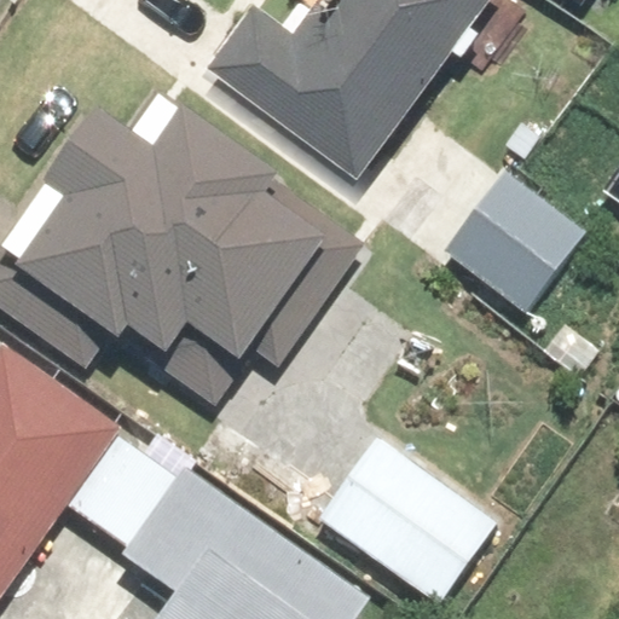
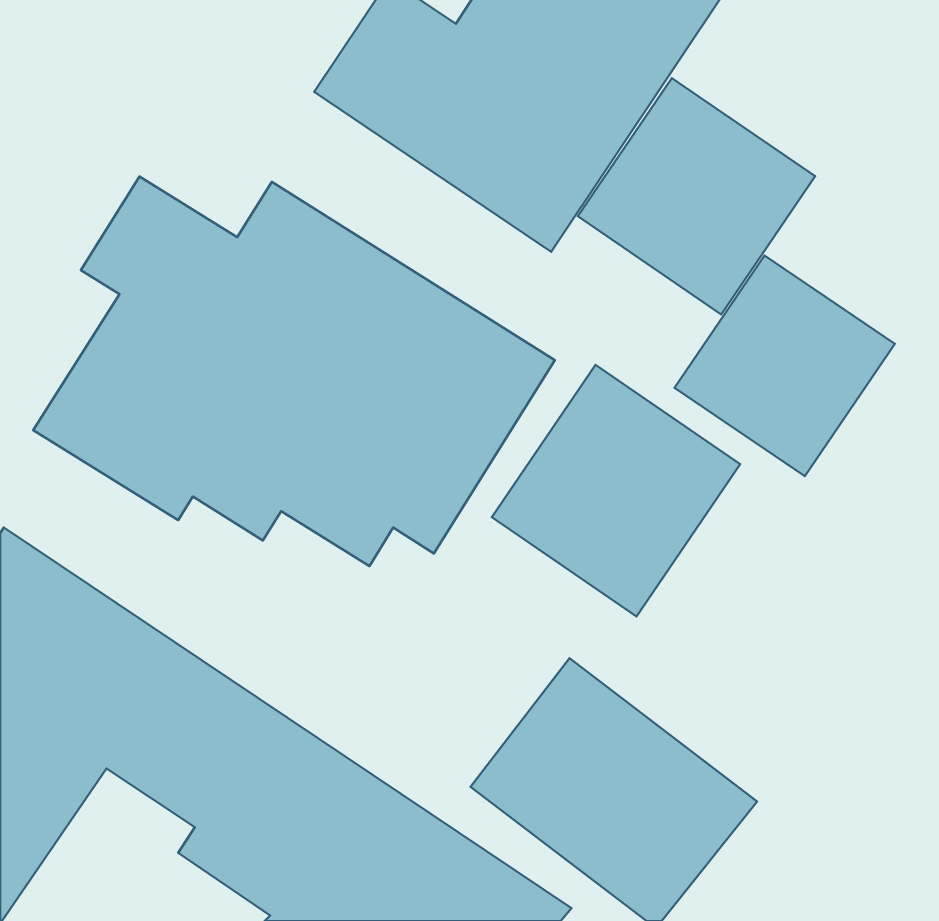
building: none -> [578,78,815,314]
building: none -> [492,365,740,616]

